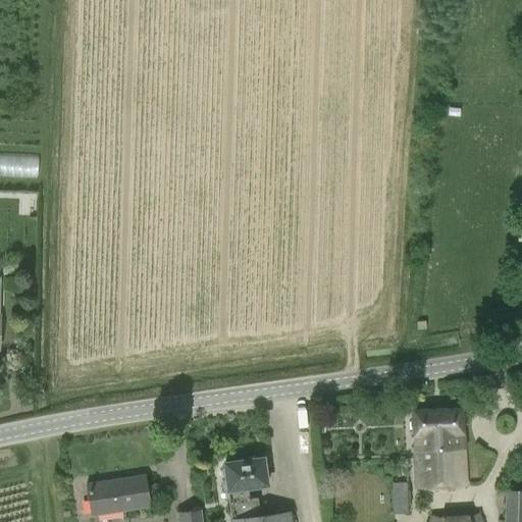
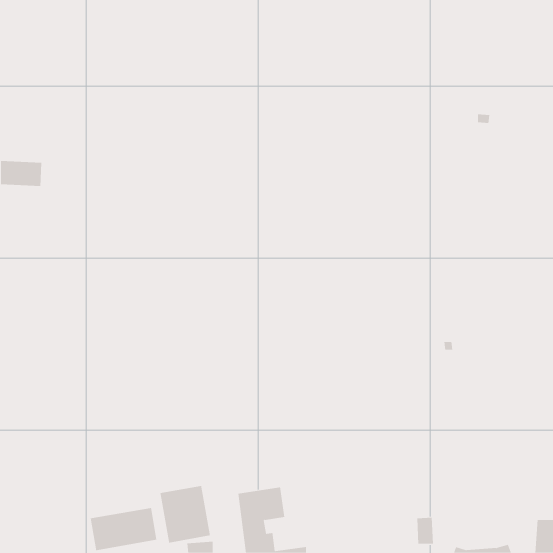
building: [413,410,466,489] -> none
building: none -> [160,485,210,543]

